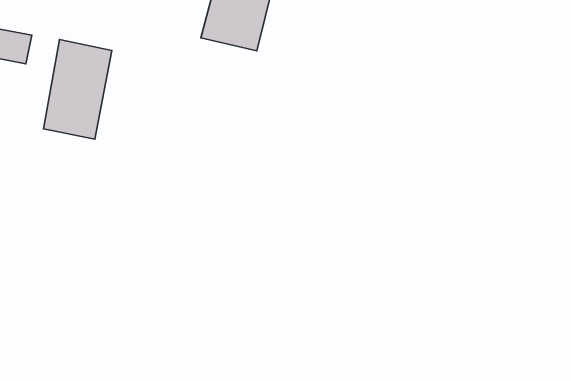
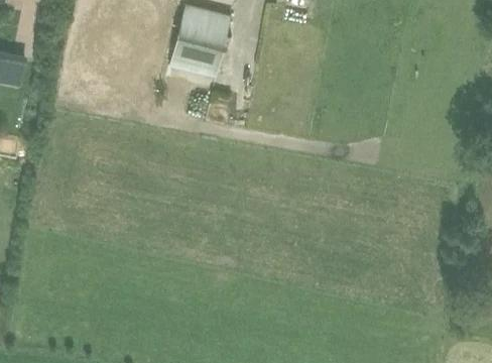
building: [43,40,112,139] -> none

